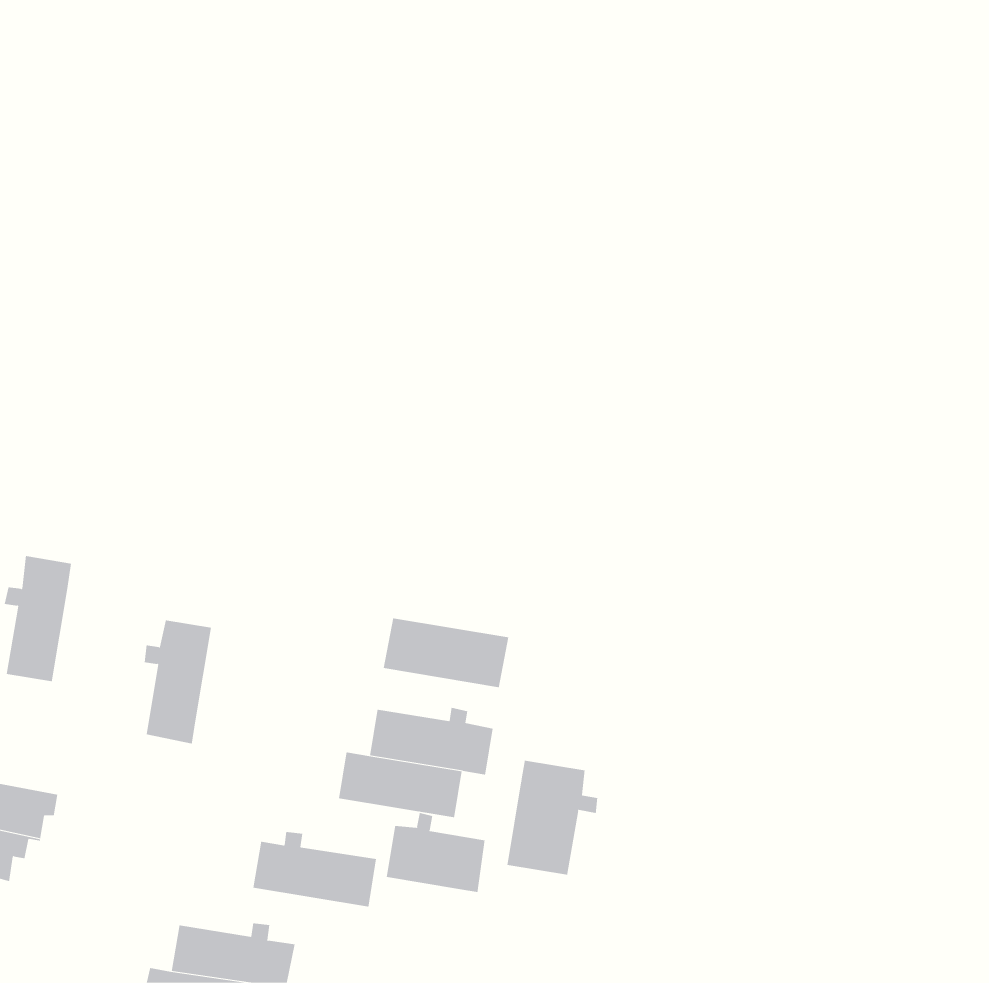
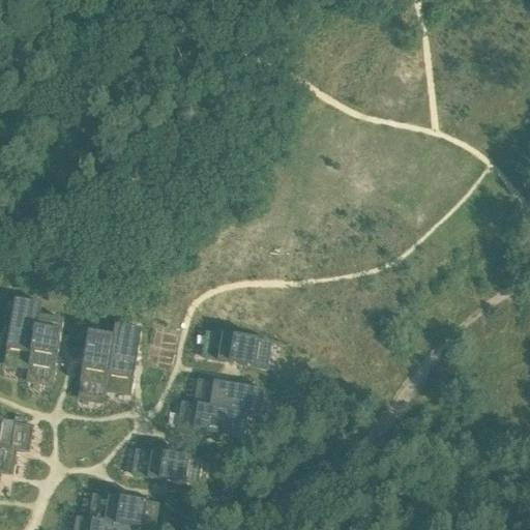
building: none -> [26,314,66,380]
building: none -> [105,322,140,388]
building: [507,760,598,876] -> none
building: [386,812,485,893] -> none

